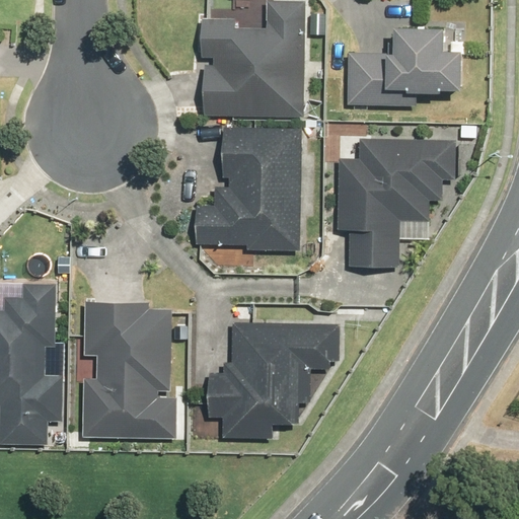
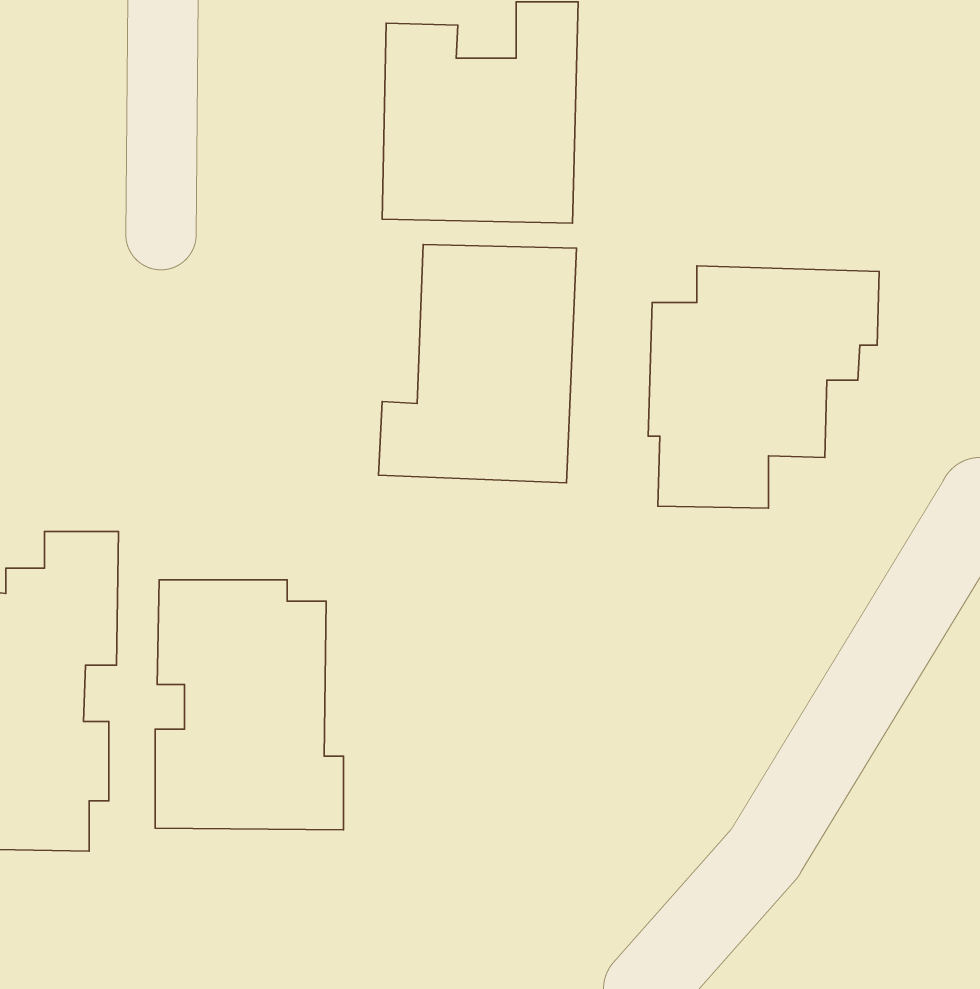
building: [339,21,466,113] -> none
building: [210,324,338,441] -> none

